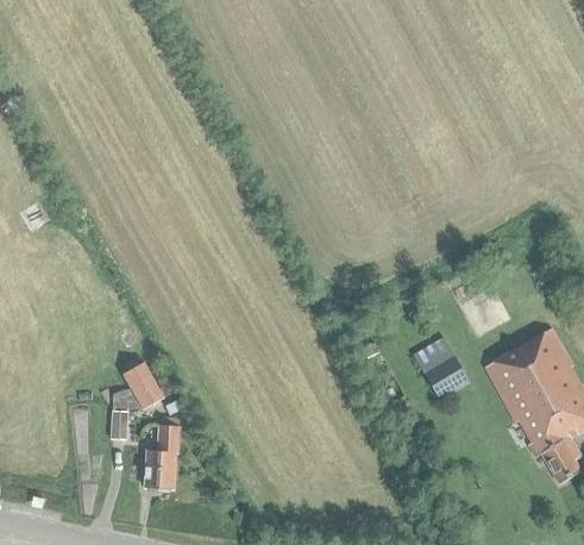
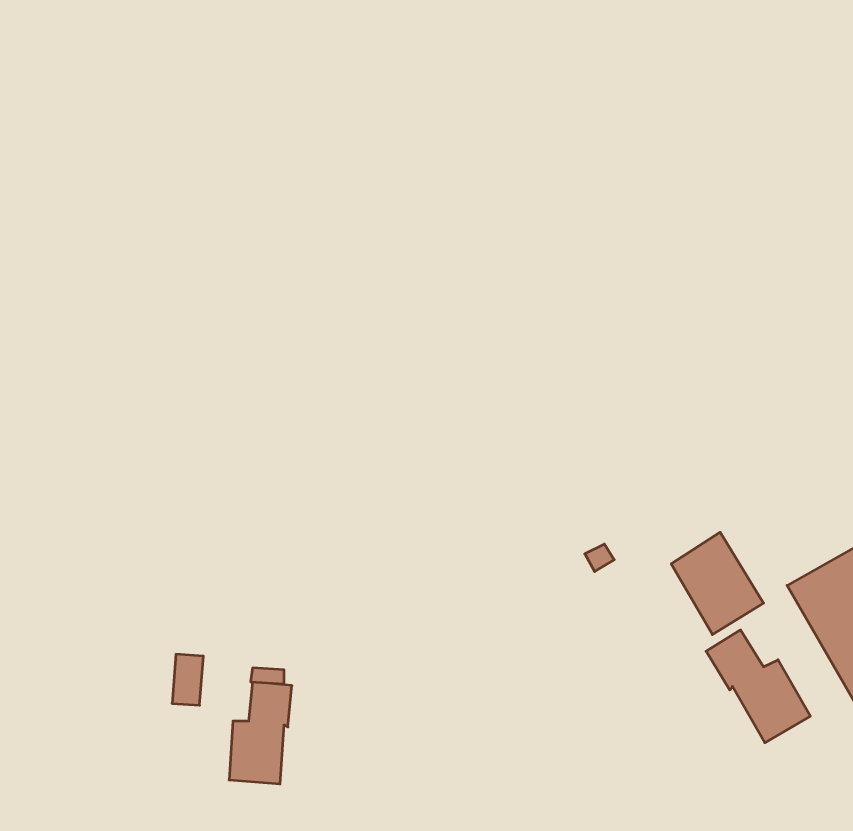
building: [123,362,164,408] -> none
building: none -> [706,630,810,743]

